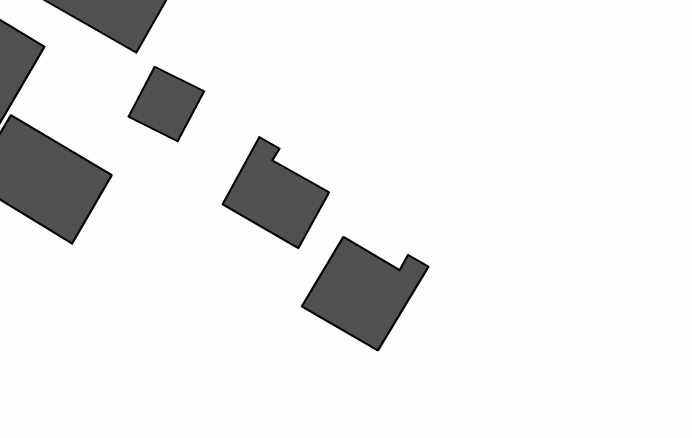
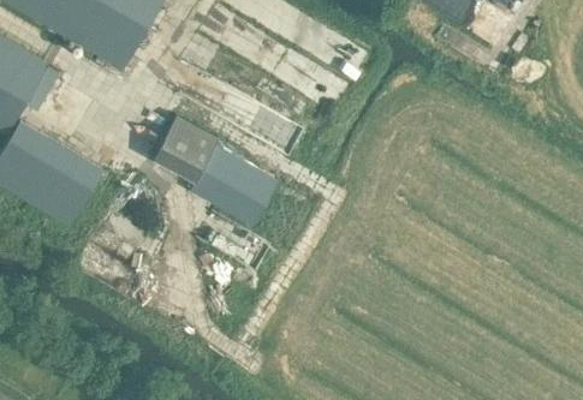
building: [128,67,204,141] -> [156,121,219,183]
building: [302,237,428,350] -> none

